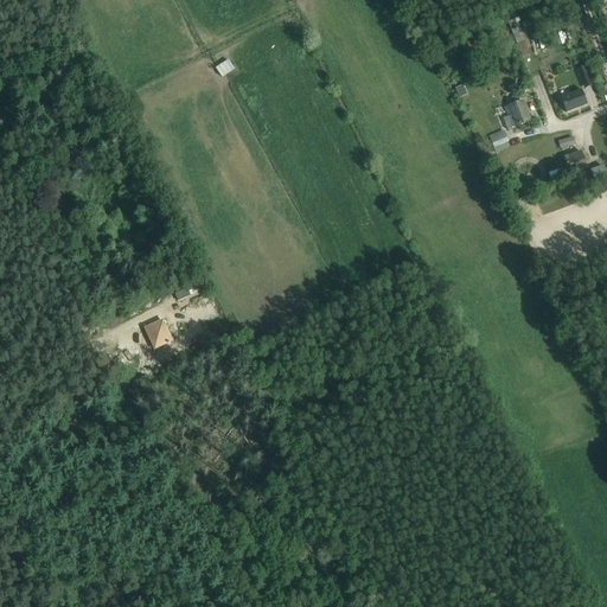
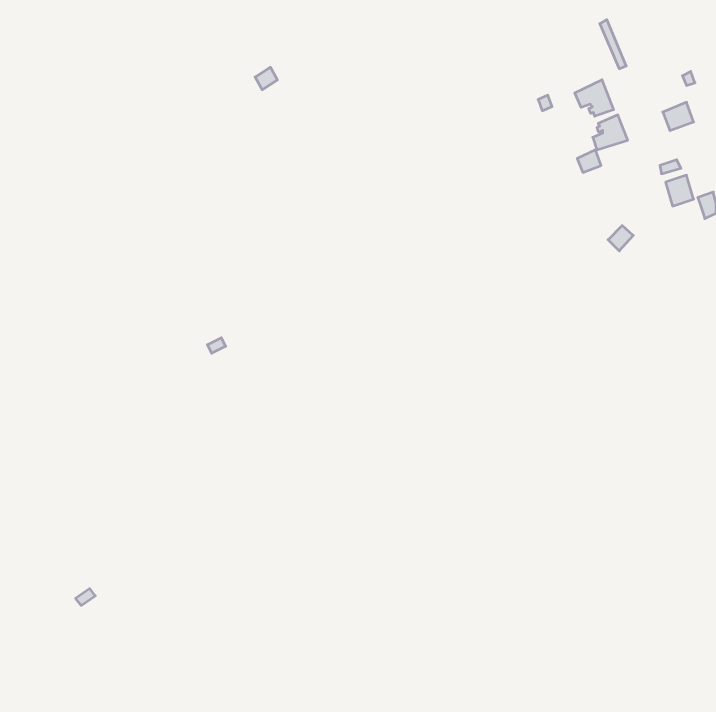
building: none -> [575,80,614,116]
building: [143,317,173,347] -> none

